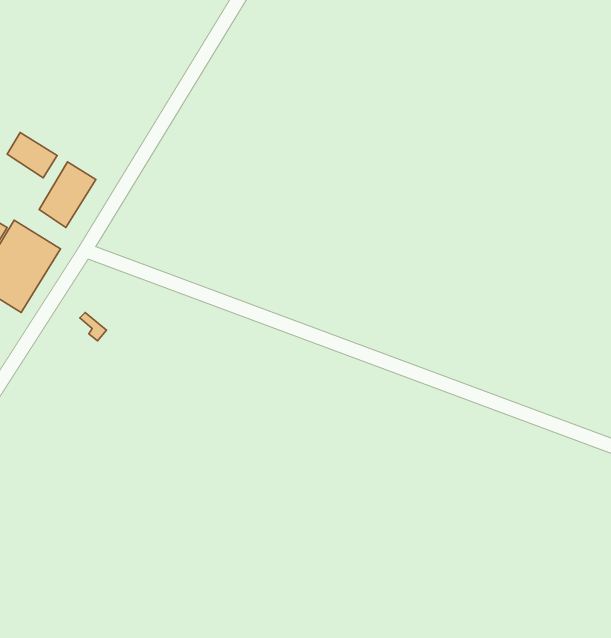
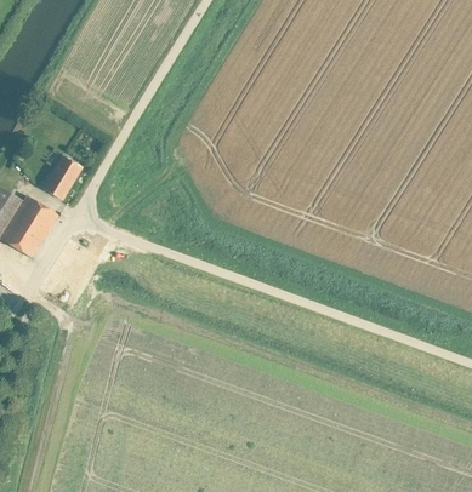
building: [7,132,57,178] -> none

